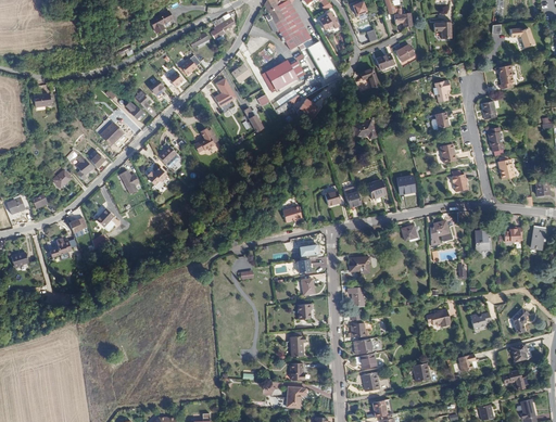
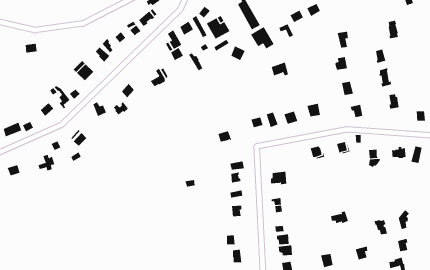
building: none -> [250,26,275,50]

